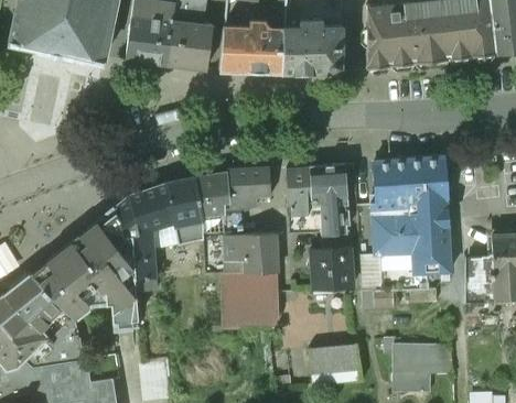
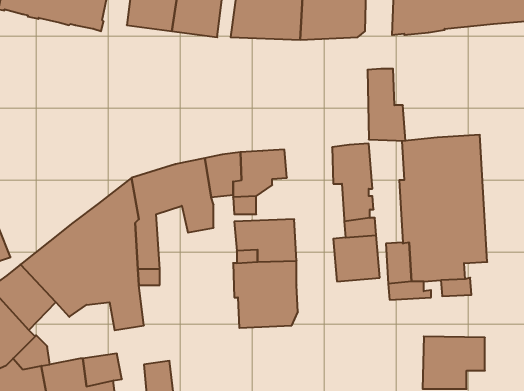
building: [288,168,322,233] -> [367,69,405,141]
building: [37,308,84,364] -> none
building: [311,340,362,380] -> none

